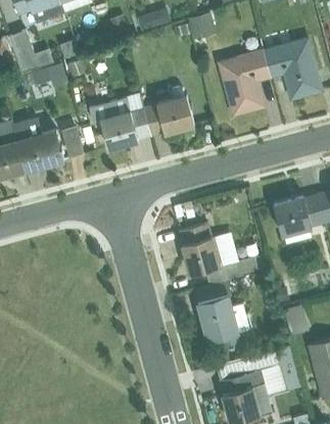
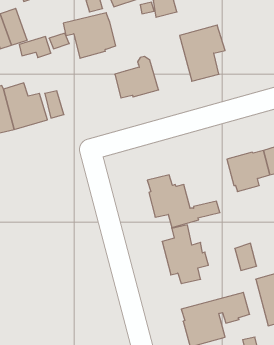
building: [263,37,322,98] -> none
building: [89,95,150,148] -> [63,13,116,58]

